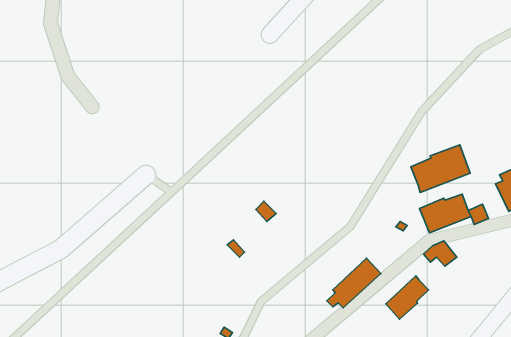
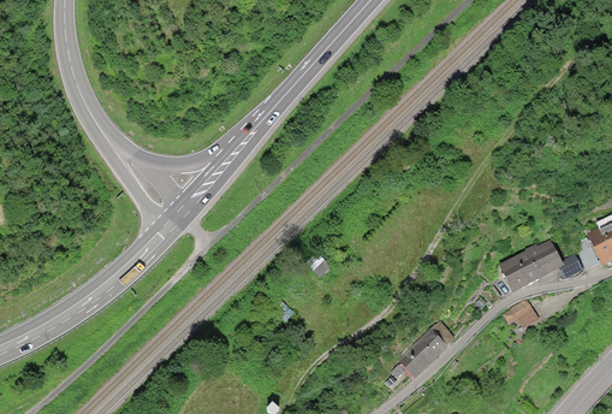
building: [411,145,470,192] -> none
building: [386,276,428,319] -> none

